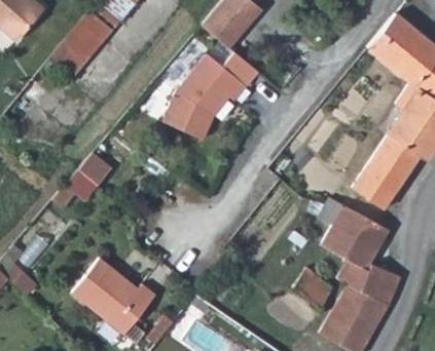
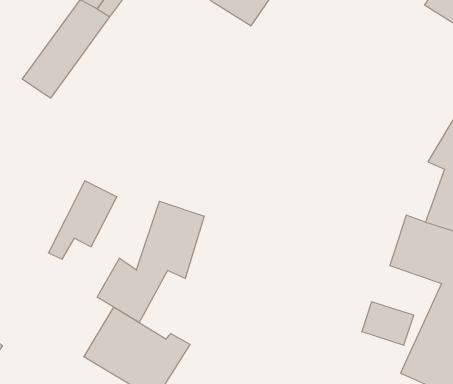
building: [165,49,249,135] -> none
building: none -> [97,201,204,322]

